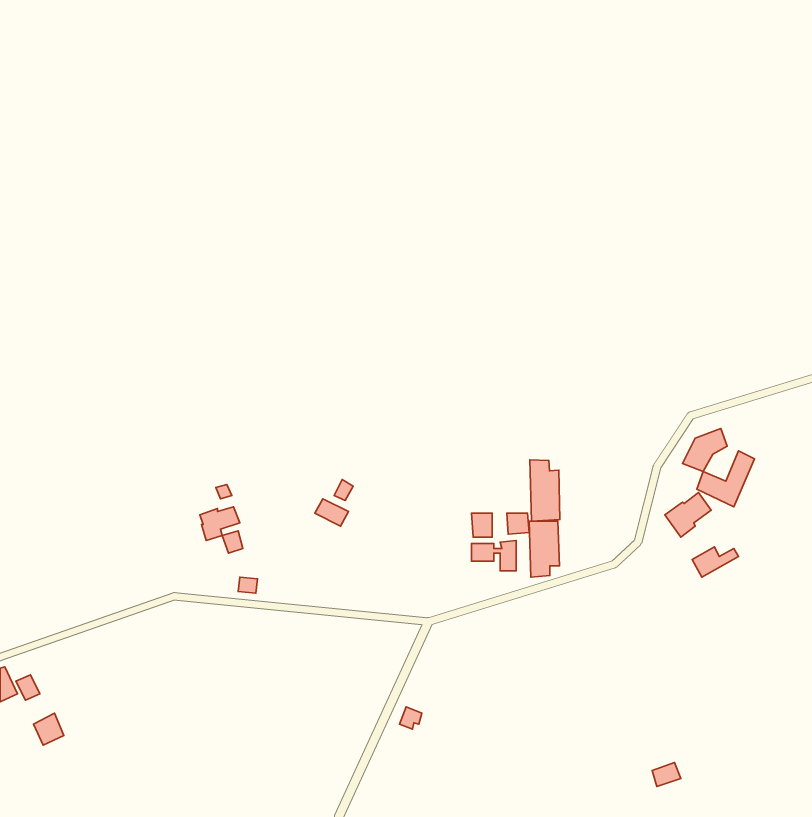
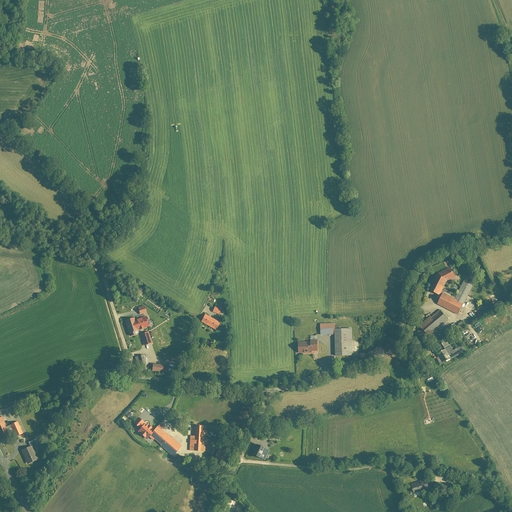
building: [530,460,560,521] -> none
building: none -> [133,413,182,455]
building: none -> [189,423,206,449]

